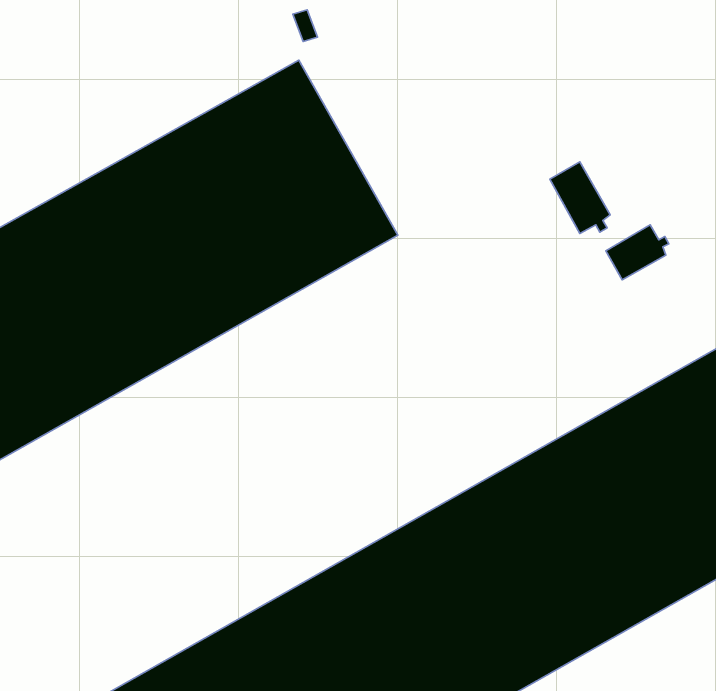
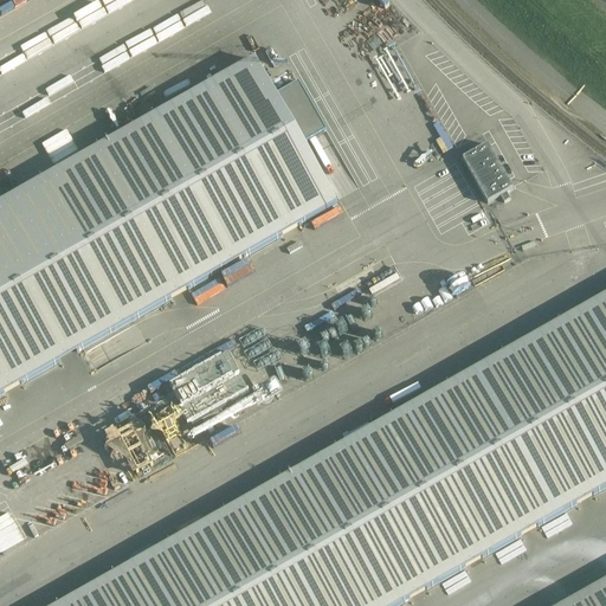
building: [606,225,669,280] -> none

